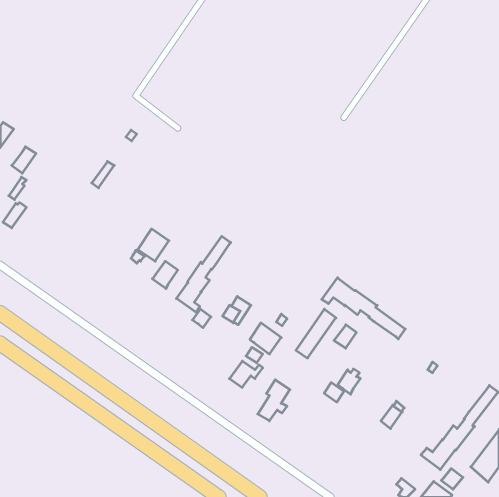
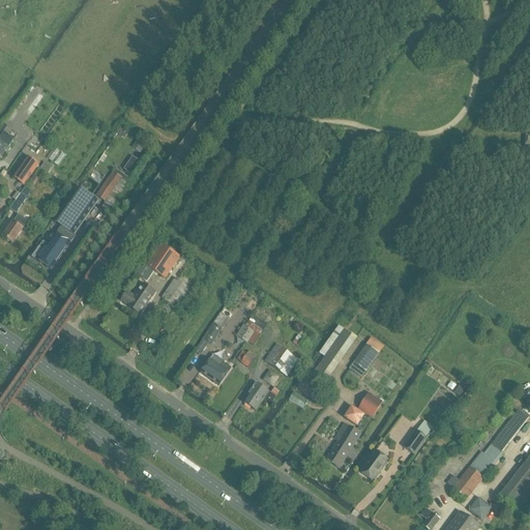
building: none -> [32,184,95,268]
building: [176,236,231,312] -> none
building: none -> [121,282,155,313]
building: [322,278,405,339] -> none
building: none -> [201,357,230,382]
building: [258,380,290,421] -> [326,422,360,466]
building: none -> [359,448,388,479]

